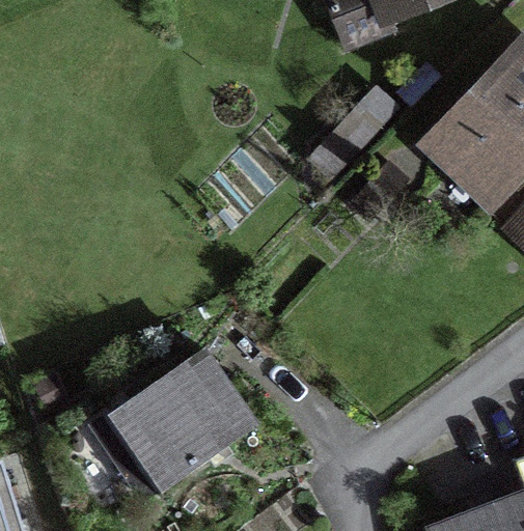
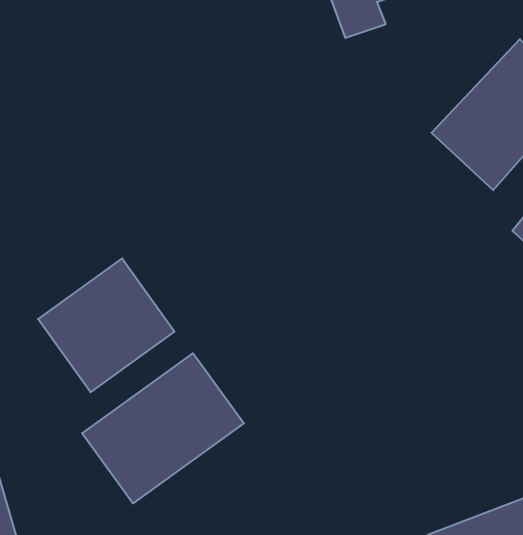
building: none -> [38,258,175,392]

